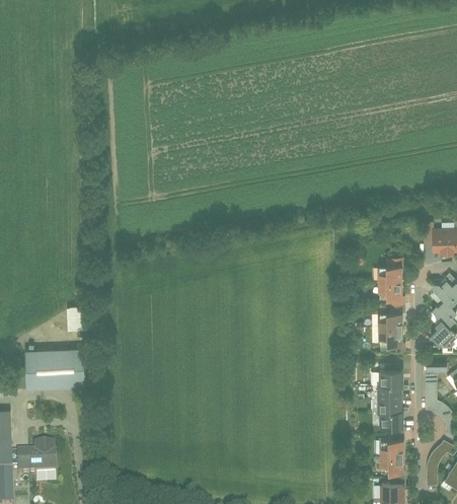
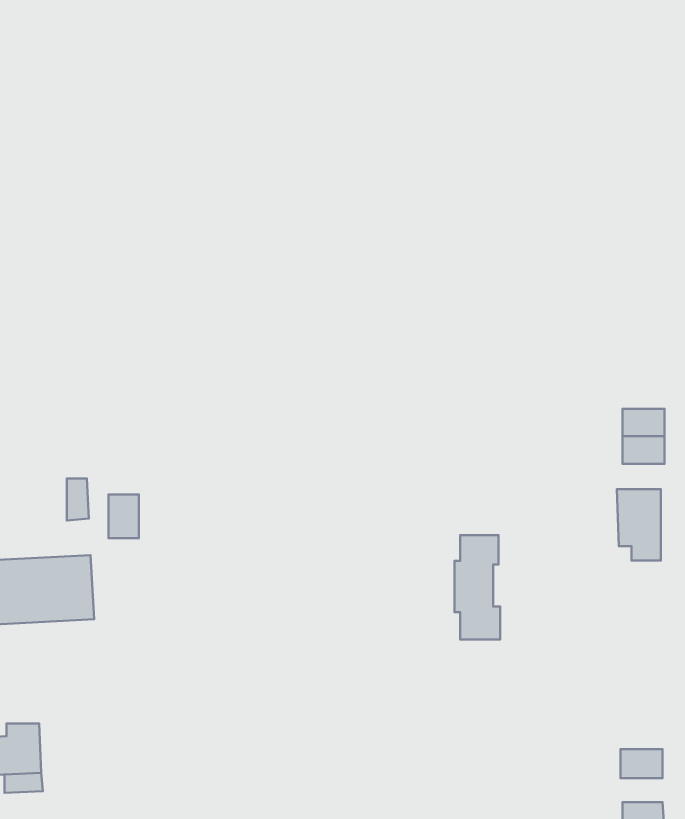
building: none -> [108,495,139,538]
building: [377,370,402,428] -> [455,535,500,640]
building: [379,439,402,456] -> none

